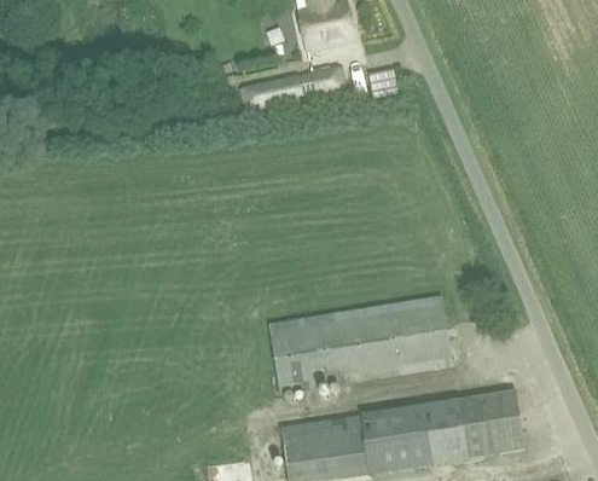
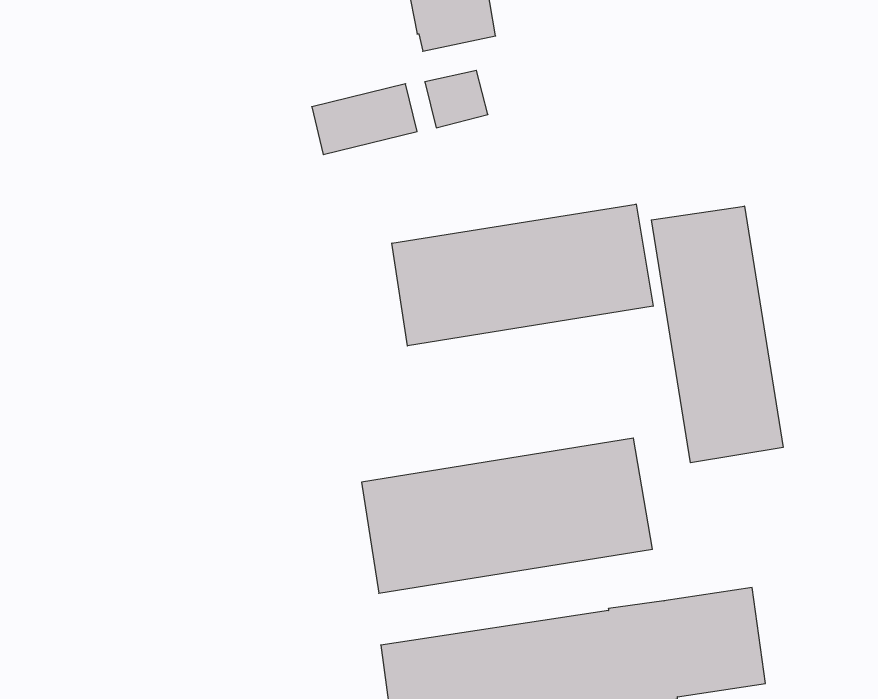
building: none -> [392,204,653,346]
building: none -> [651,206,783,463]

